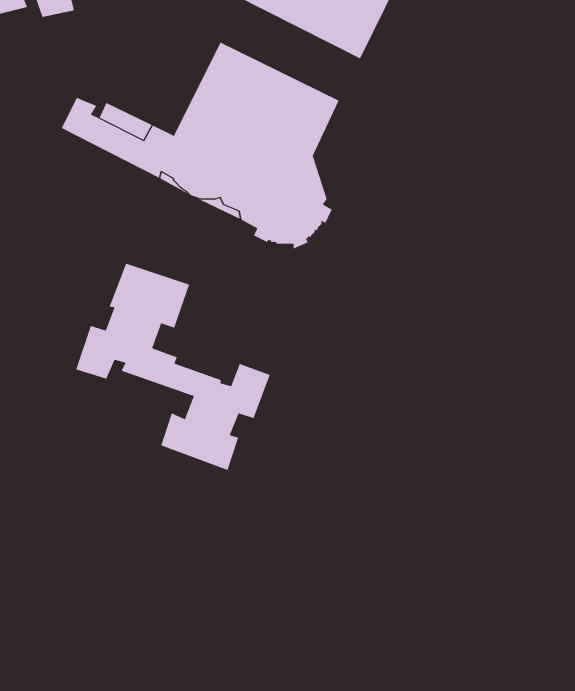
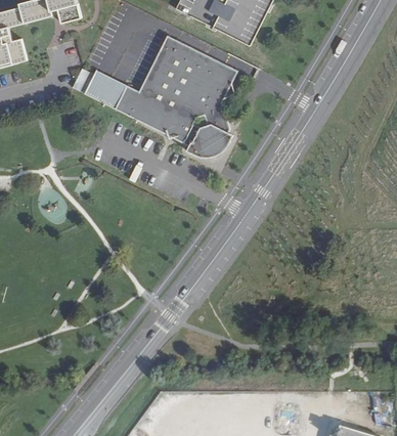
building: [75,263,271,471] -> none

